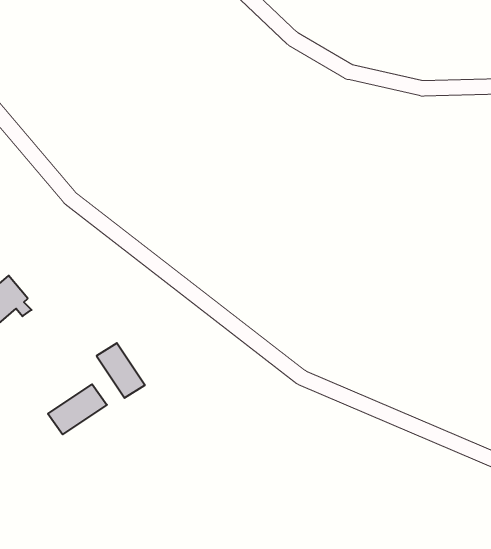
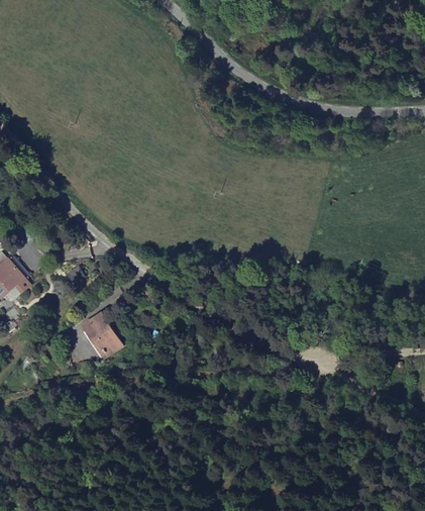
building: [48,384,107,434] -> none

